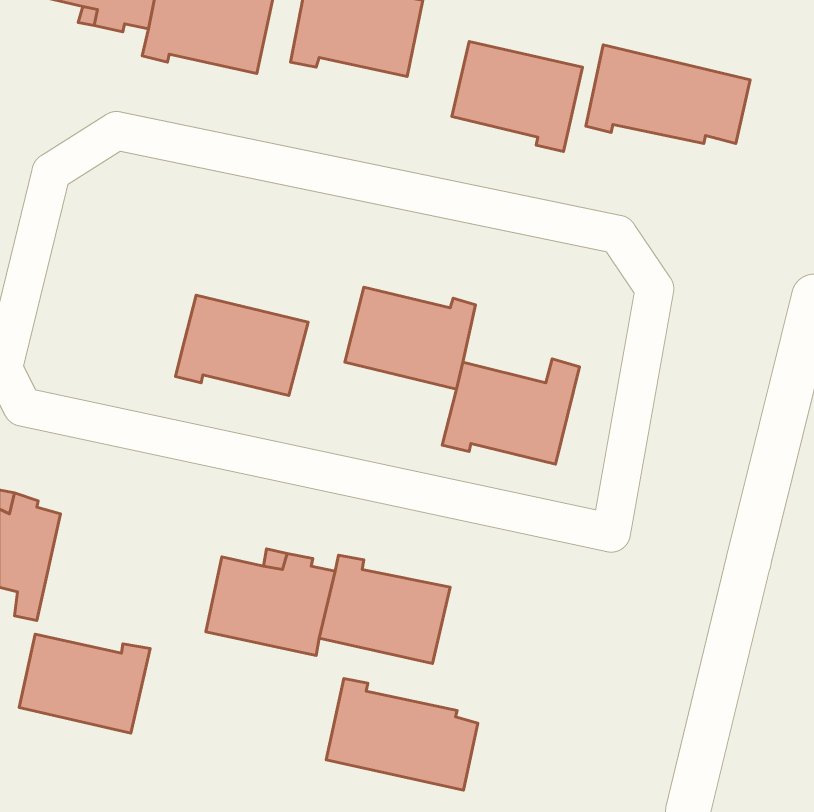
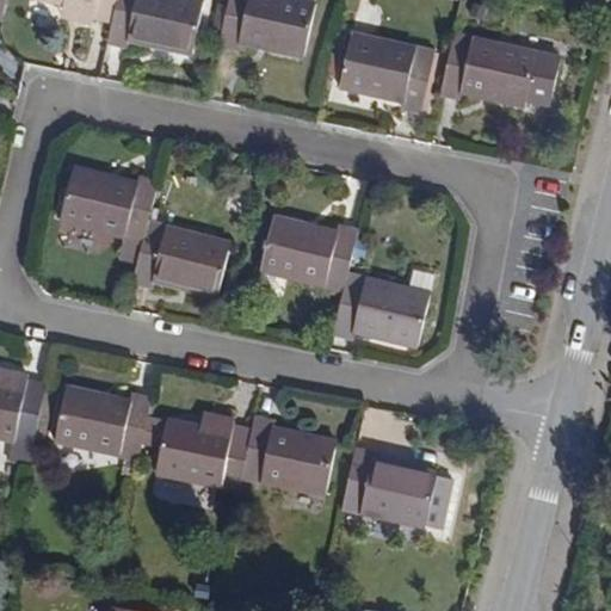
building: none -> [58,163,158,263]
building: [19,634,150,733] -> [54,385,152,459]
building: [326,678,478,790] -> [340,446,453,530]

